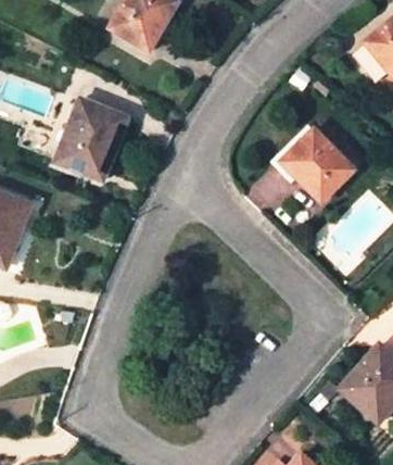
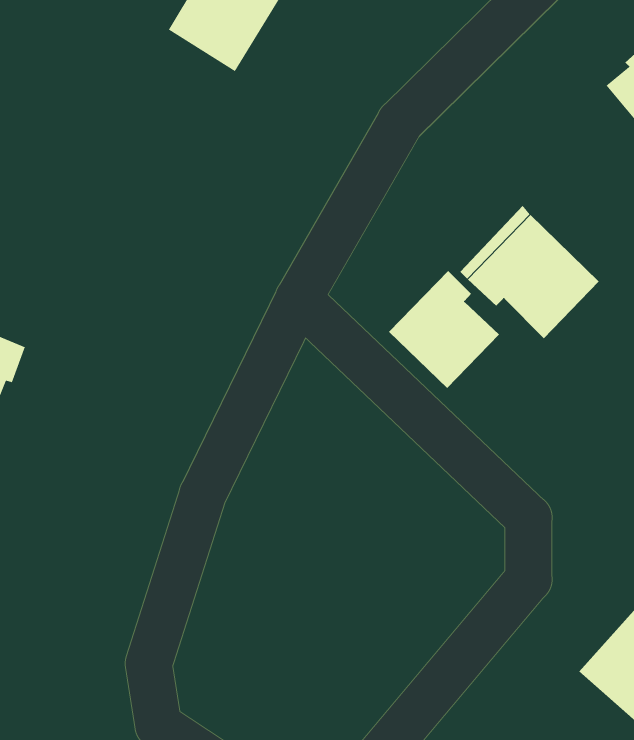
building: [55,99,122,179] -> none
building: none -> [388,270,500,389]

